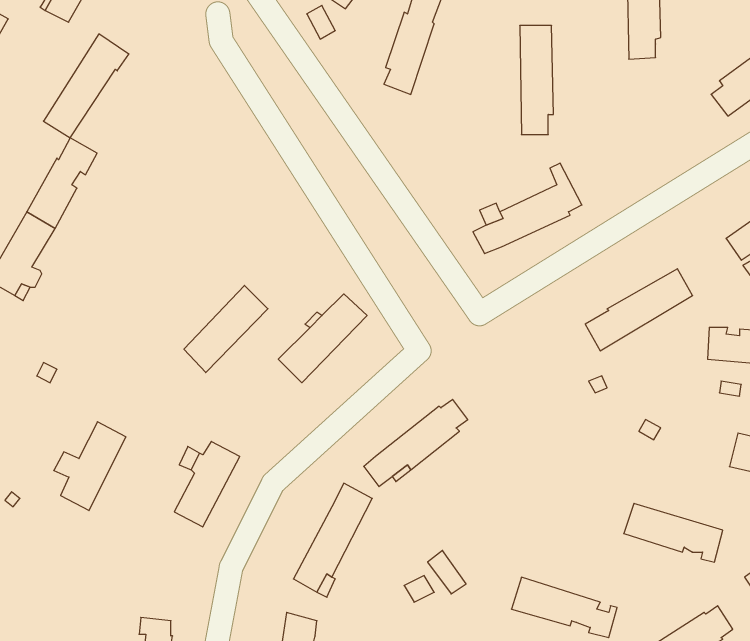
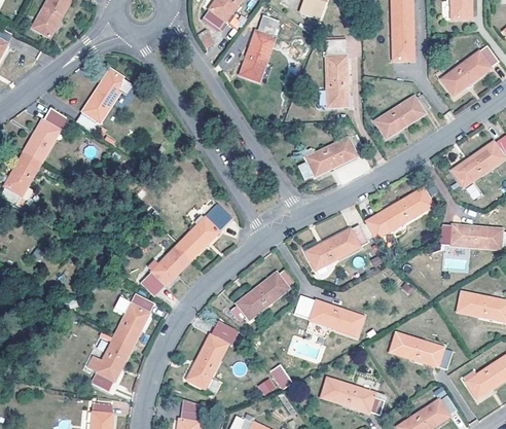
building: [43,34,129,138] -> [76,69,129,133]
building: none -> [377,94,431,138]
building: [184,285,268,373] -> [141,244,192,297]
building: none -> [306,224,368,266]
building: [54,422,126,511] -> [87,337,132,392]
building: none -> [294,294,364,334]

